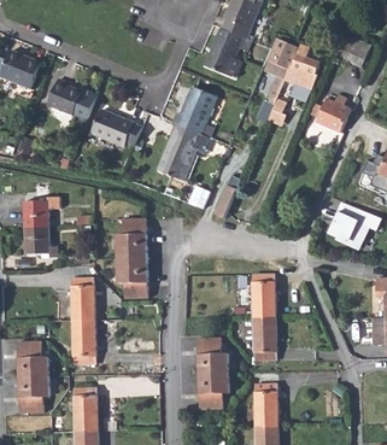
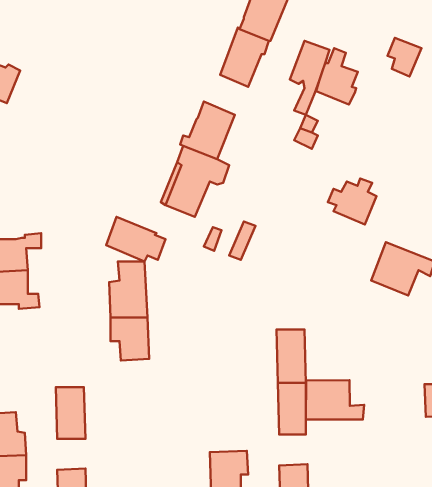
building: [47,80,96,119] -> none
building: [309,95,348,133] -> [328,178,377,224]
building: [93,111,141,147] -> [106,217,165,261]
building: [70,277,94,321] -> none
building: none -> [306,380,364,419]
building: [197,336,227,374] -> none

